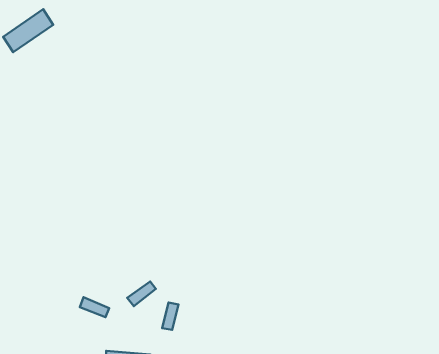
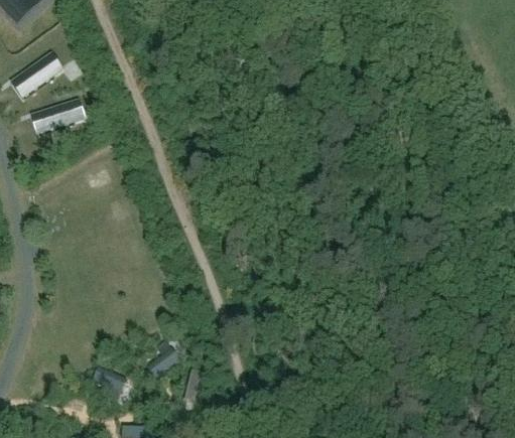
building: none -> [29,100,85,135]

